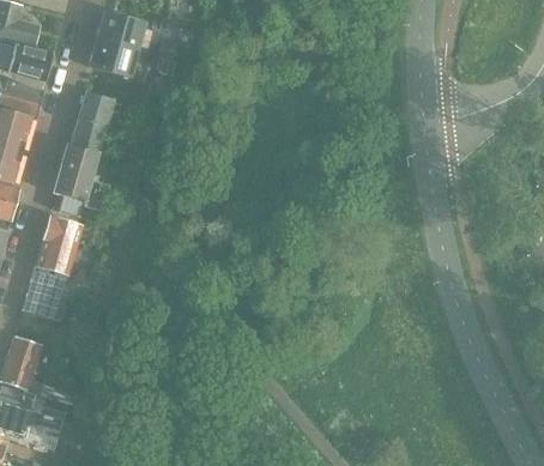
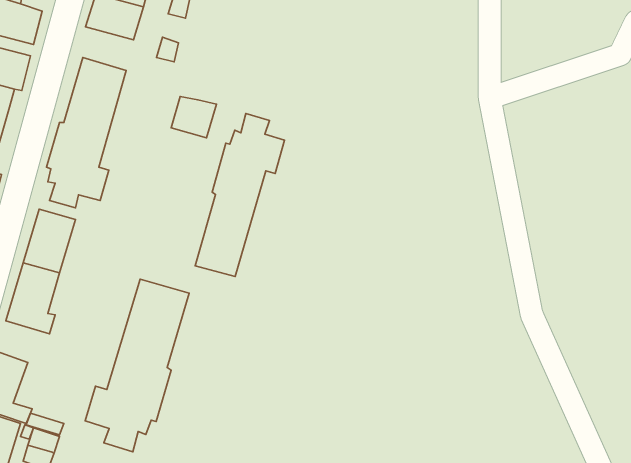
building: none -> [171,96,217,138]
building: none -> [195,113,285,276]
building: none -> [85,279,189,452]

